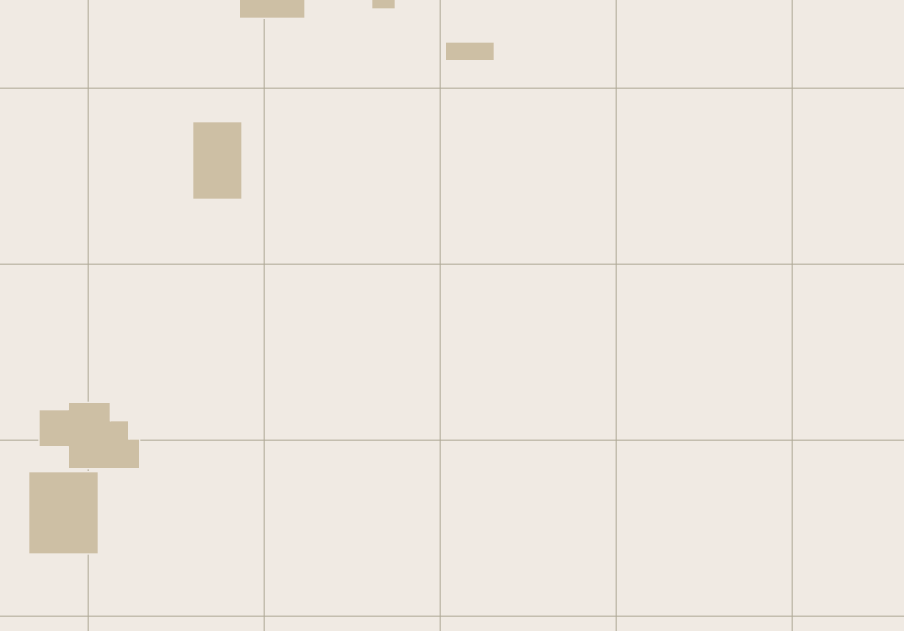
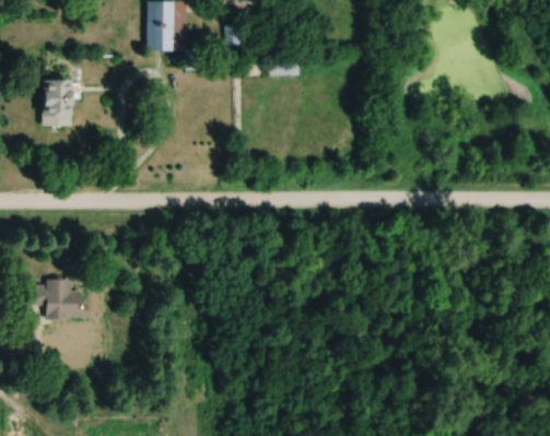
building: [193,122,242,199] -> [43,80,72,126]
building: [29,472,98,554] -> none

